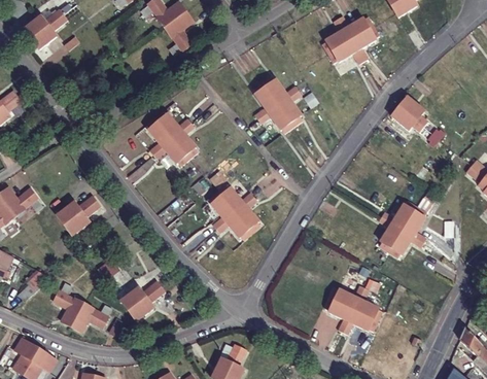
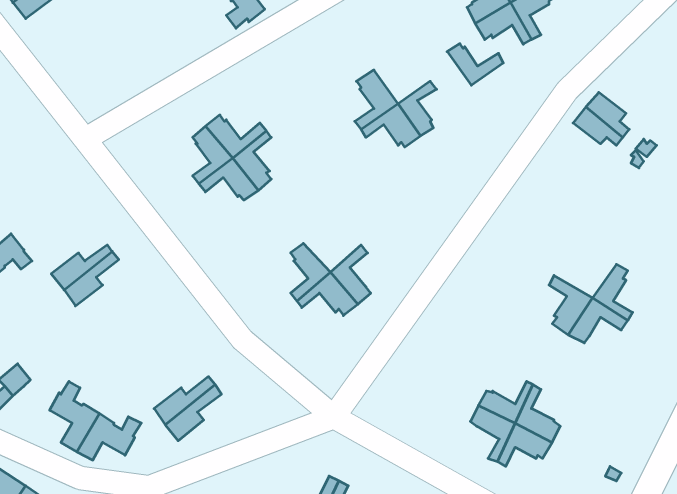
building: [263,77,299,104] -> [447,44,503,85]
building: [217,185,254,212] -> none
building: [378,199,418,229] -> none

